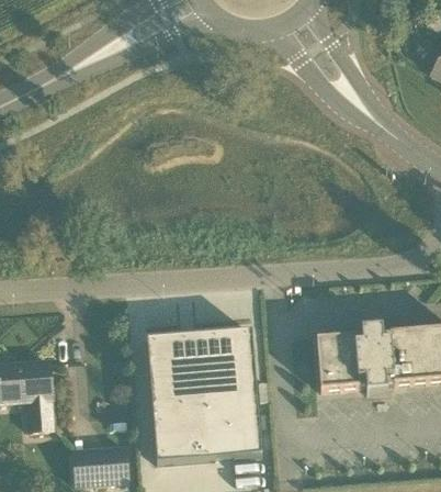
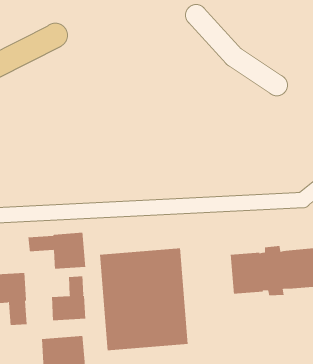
building: none -> [28,232,86,269]
building: none -> [51,276,86,321]

